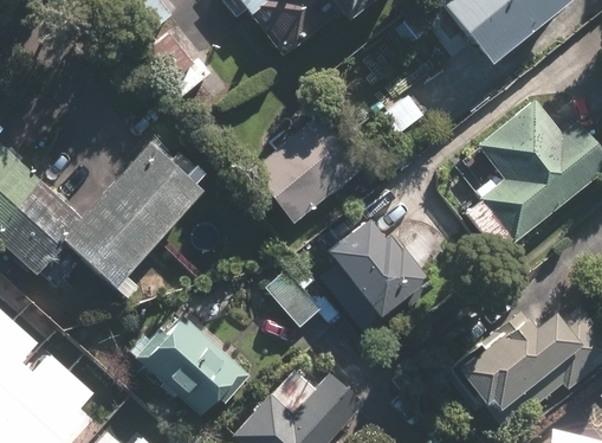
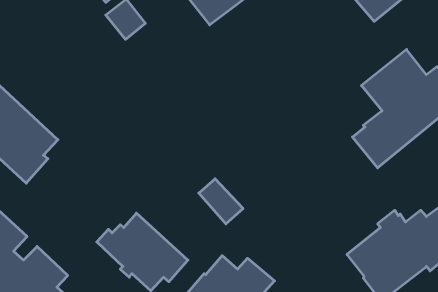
building: [250,116,361,223] -> none
building: [60,141,205,298] -> none
building: [318,219,432,338] -> none

